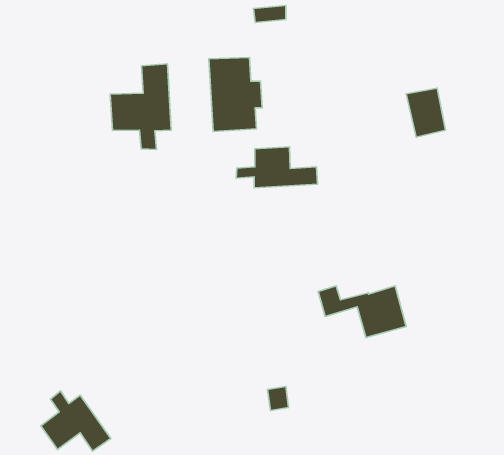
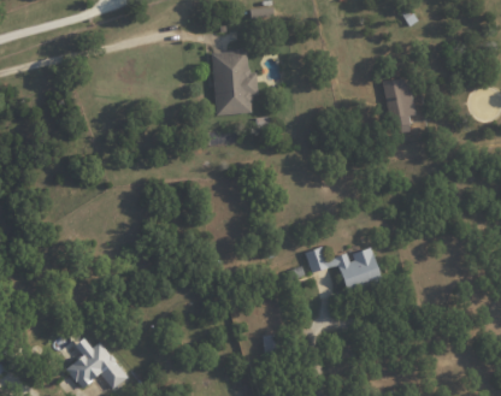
building: [110,64,171,150] -> none
building: [236,147,318,188] -> none

